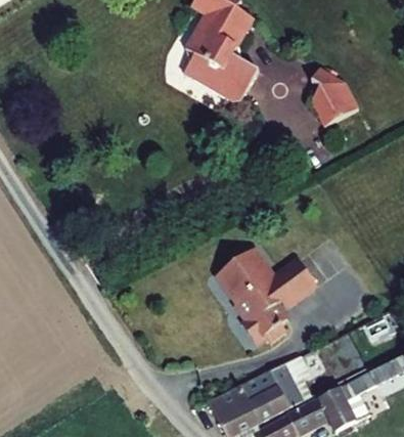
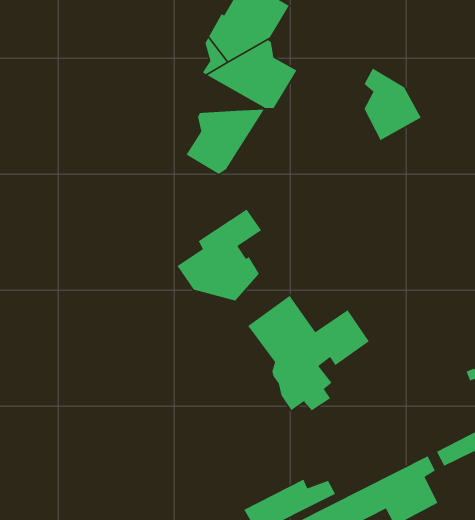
building: none -> [185,109,265,175]
building: none -> [177,208,262,302]
building: [207,354,310,419] -> none

